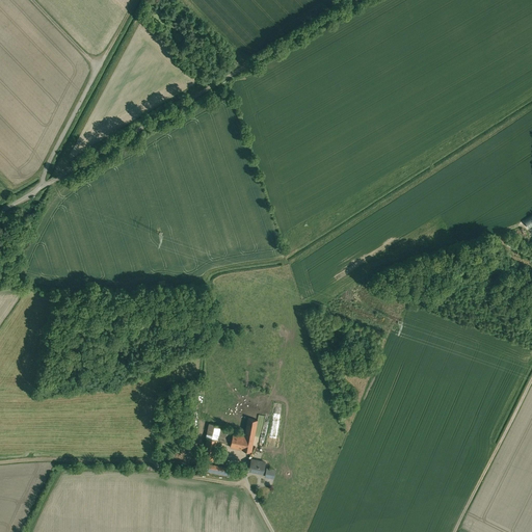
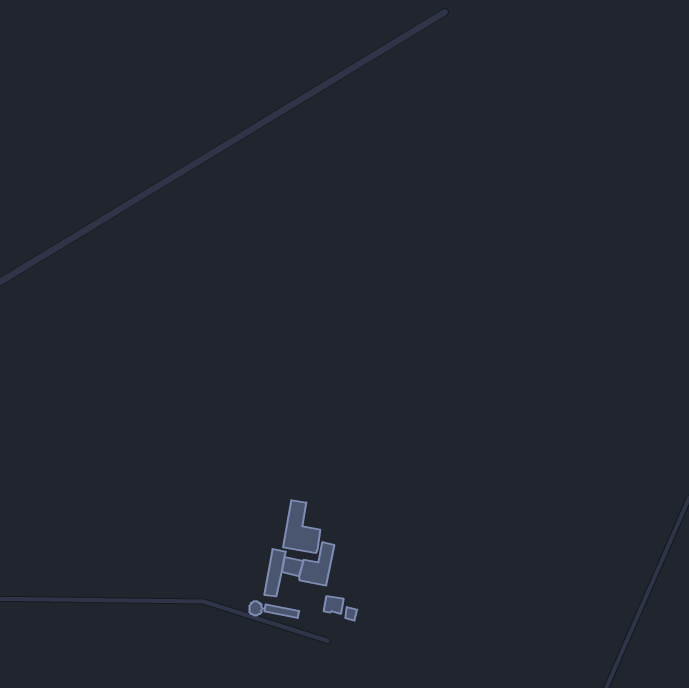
building: none -> [283,500,320,553]

